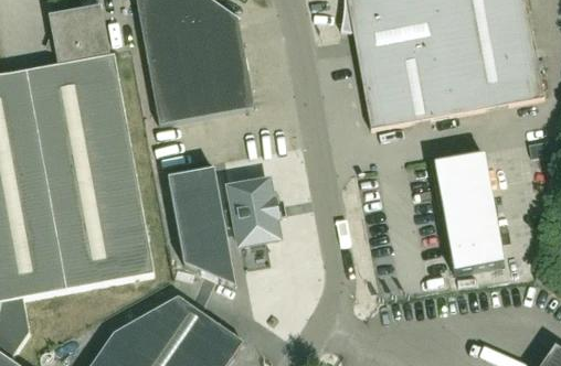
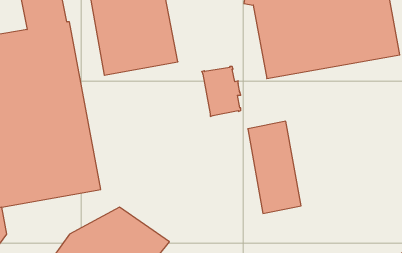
building: [434,150,504,270] -> [248,121,301,213]
building: [167,168,235,287] -> none
building: [227,180,278,245] -> [202,67,241,116]

